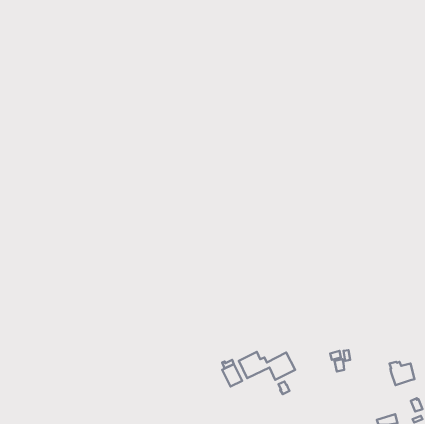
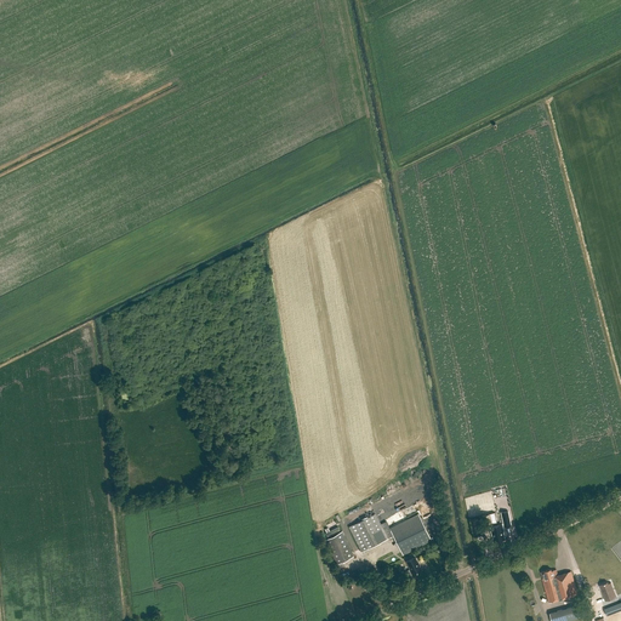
building: [390,362,415,385] -> [541,570,577,604]

